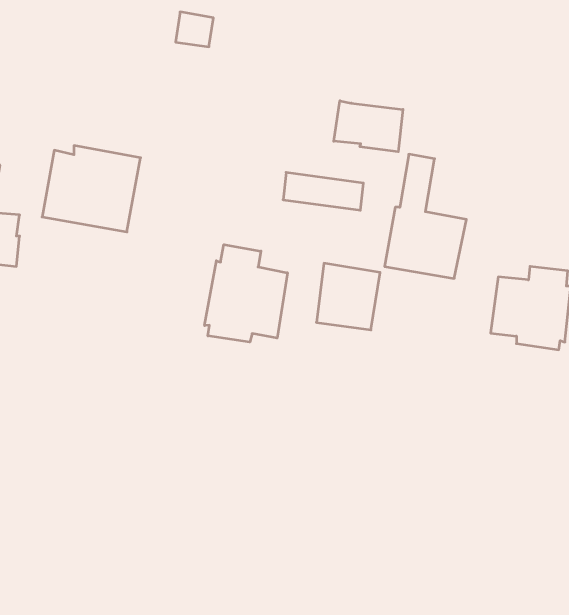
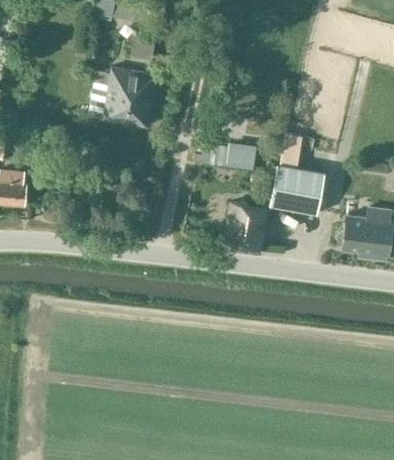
building: [334,101,403,152] -> none
building: [42,146,141,232] -> [91,70,157,127]
building: [205,245,287,342] -> none

